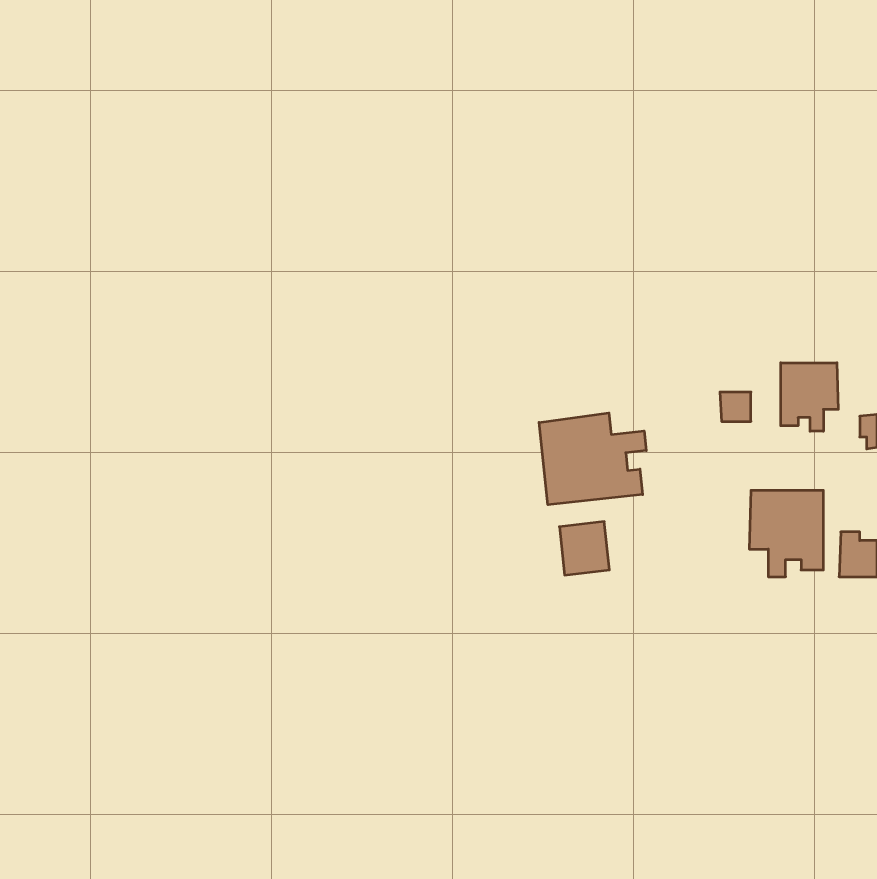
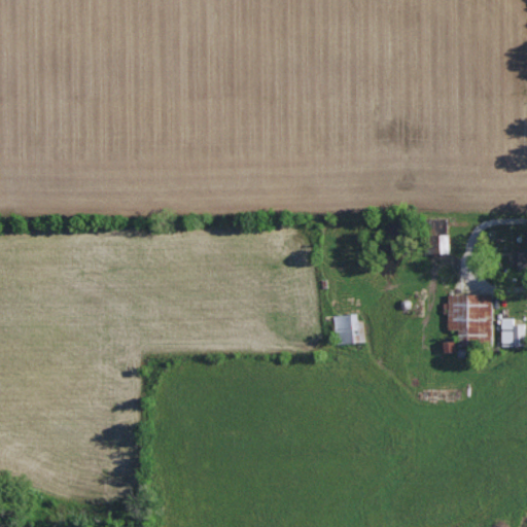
building: [781,363,838,431] -> none
building: [539,413,646,505] -> none

